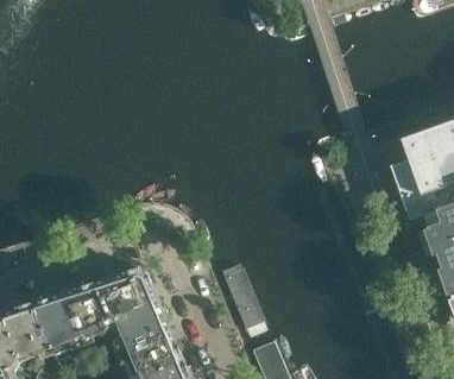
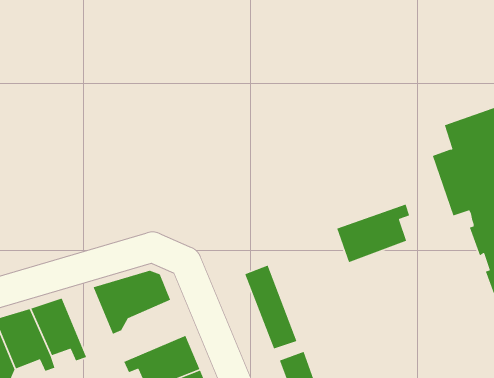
building: none -> [336,204,410,263]
building: [61,285,106,348] -> none
building: [111,297,171,352] -> none

